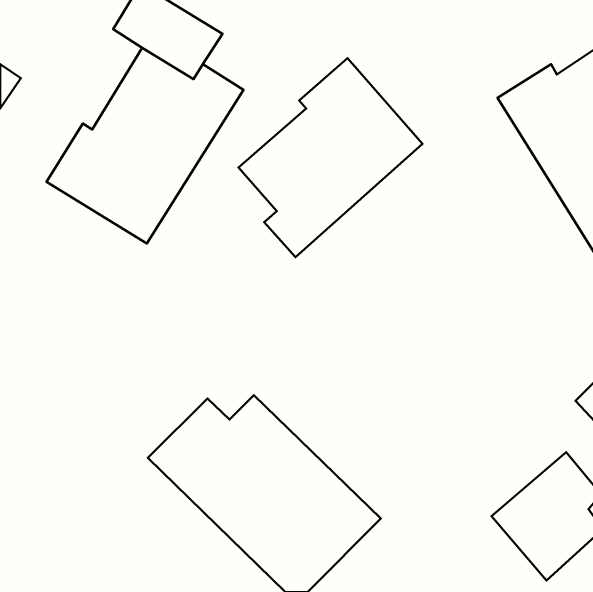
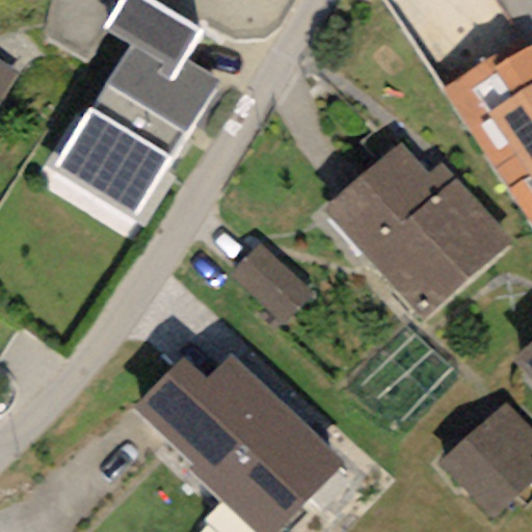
building: [239,58,423,257] -> none
building: none -> [326,141,510,316]
building: none -> [227,240,315,329]

